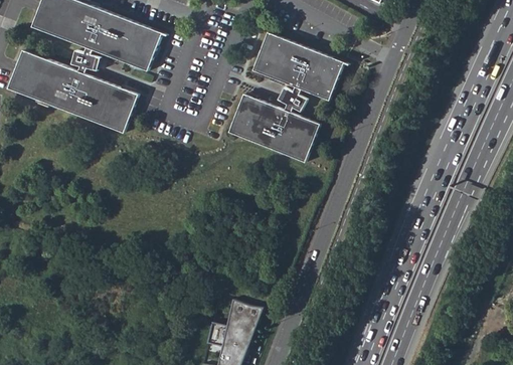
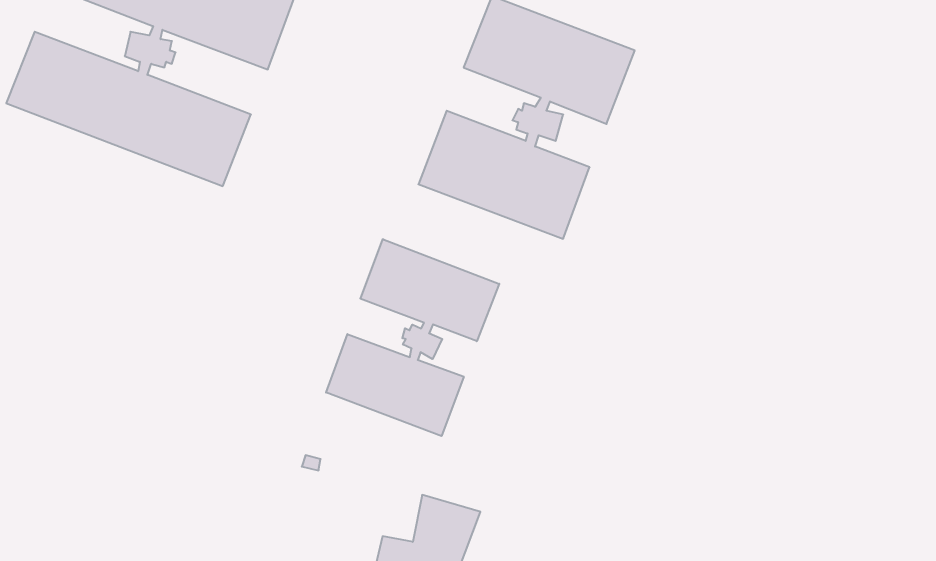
building: none -> [326,239,499,436]

